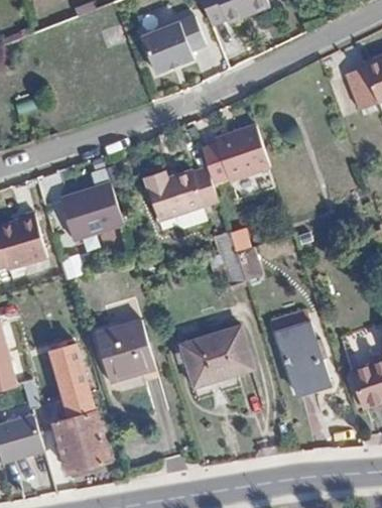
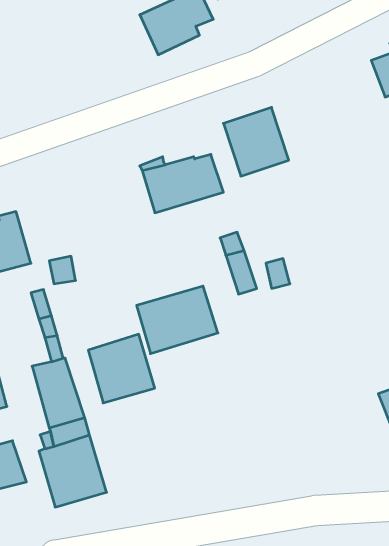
building: [57,182,122,242] -> none
building: [274,321,329,390] -> none
building: [180,327,252,386] -> [137,286,218,354]

